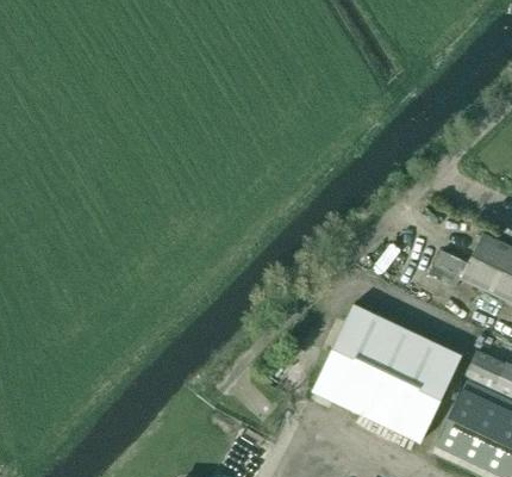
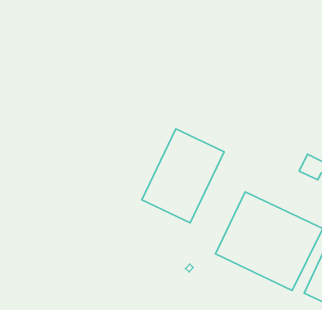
building: none -> [142,129,224,223]

